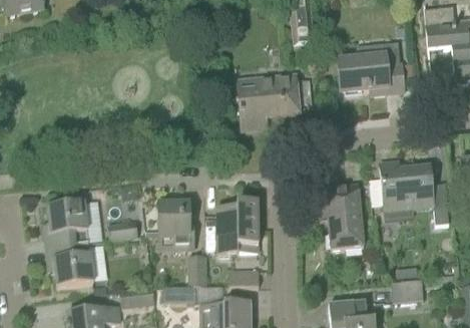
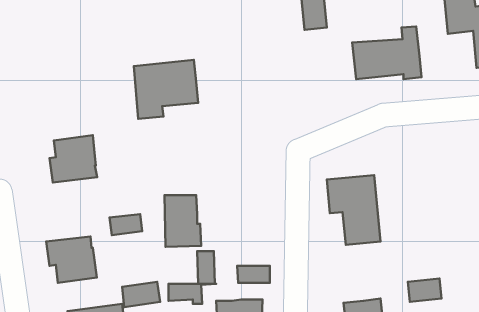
building: [238,72,299,128] -> [134,60,198,119]
building: [380,159,448,224] -> none
building: [43,201,88,246] -> [50,135,97,183]
building: [216,201,259,253] -> none

